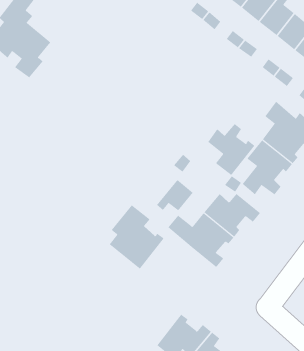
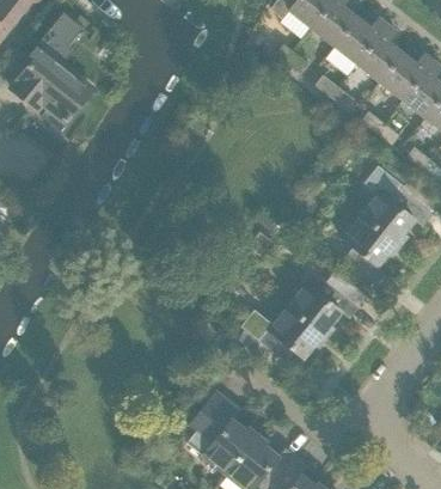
building: [207,123,255,176] -> none
building: [156,179,194,211] -> none
building: [109,204,164,269] -> [186,391,257,473]

